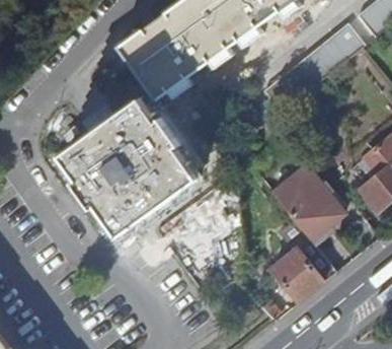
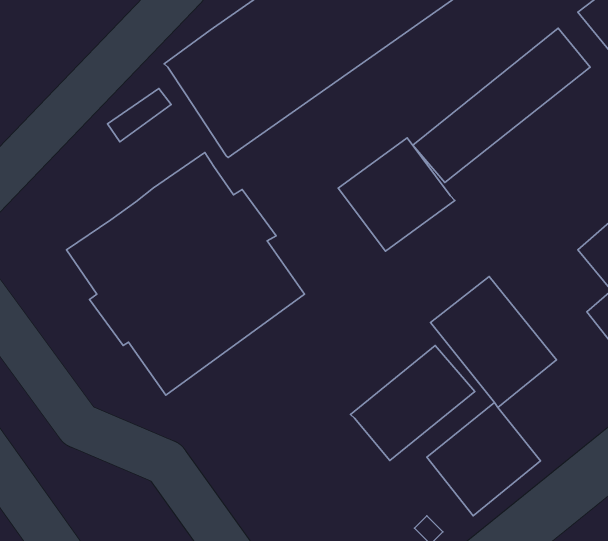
building: none -> [338,138,455,251]
building: none -> [351,346,475,460]

